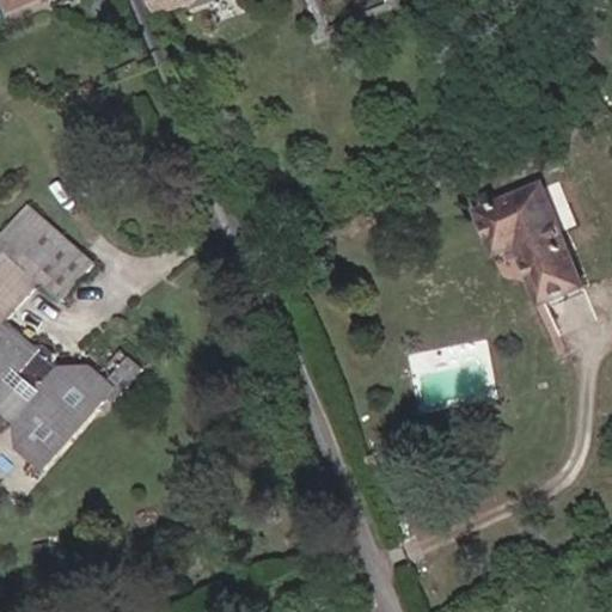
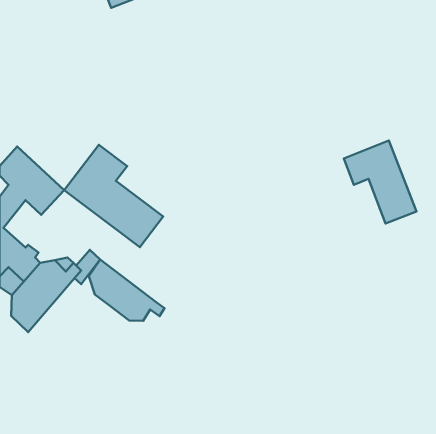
building: none -> [64,145,163,247]
building: none -> [89,259,164,321]

